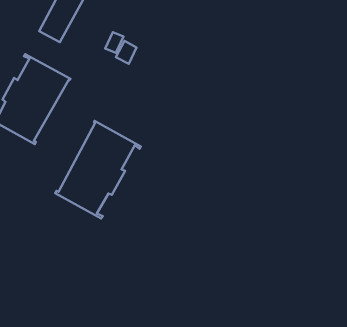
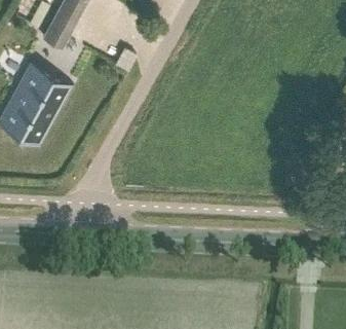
building: [55,121,141,219] -> none

